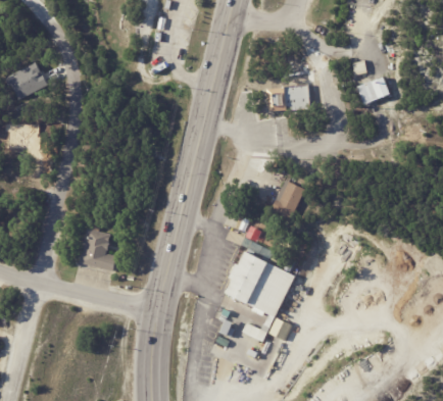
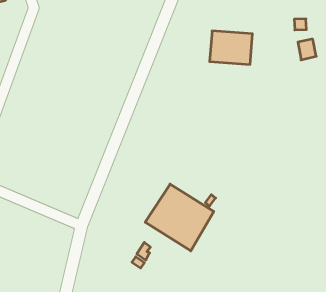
building: [272,179,305,220] -> none
building: [79,231,117,270] -> none

